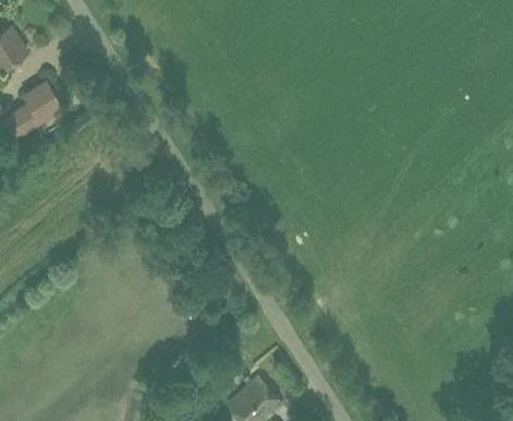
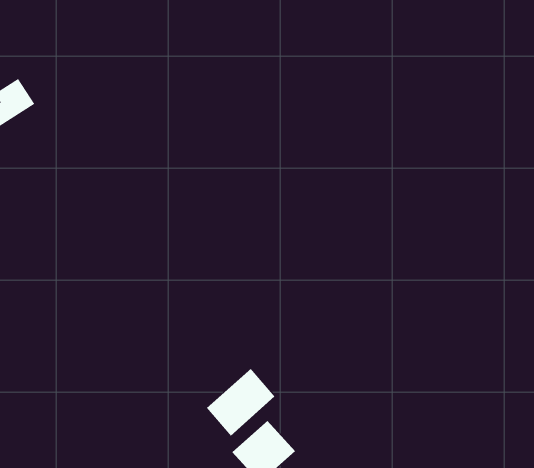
building: none -> [206,368,275,436]

